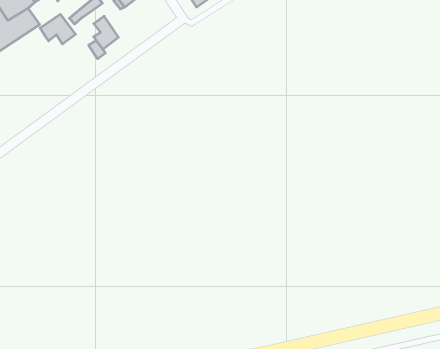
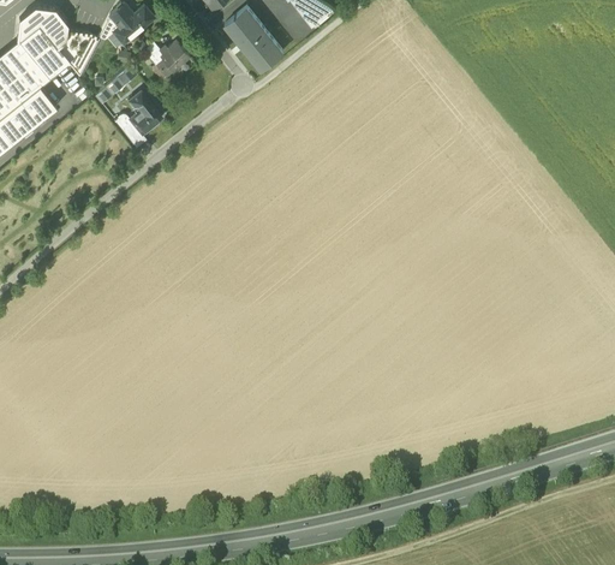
building: [40,14,76,44] -> none

